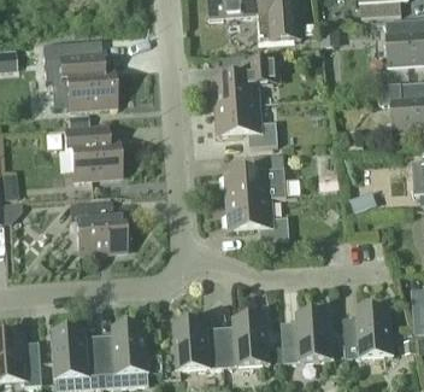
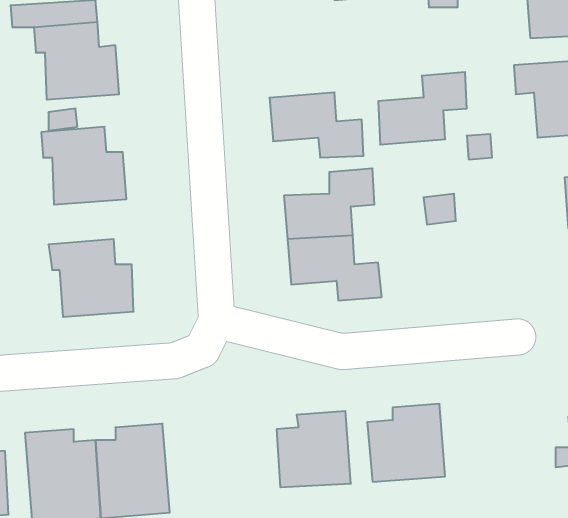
building: [213,58,272,106] -> [378,72,467,145]
building: [342,306,391,357] -> none
building: [173,320,222,369] -> none

